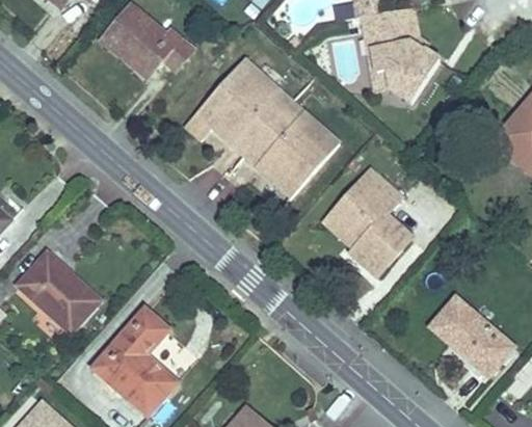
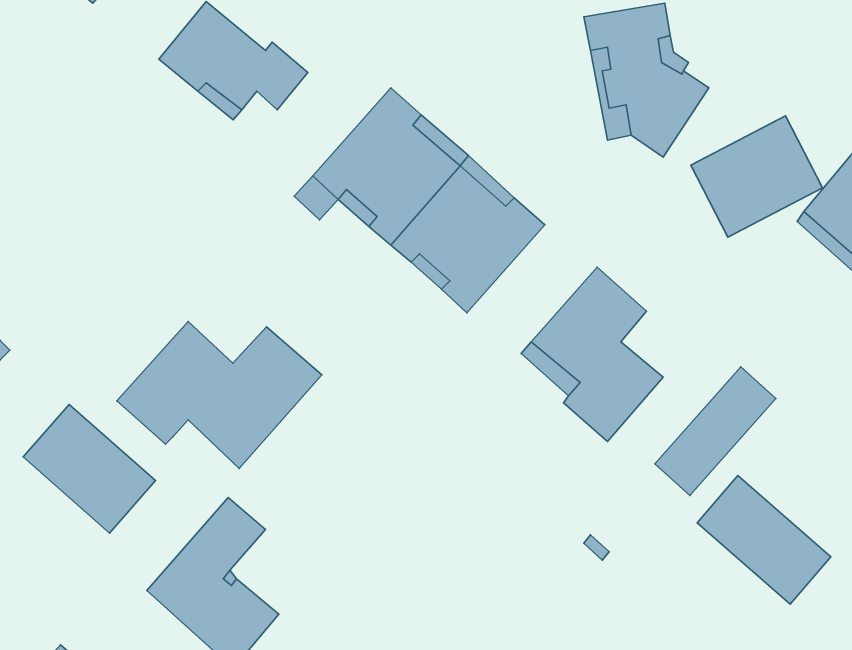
building: none -> [691,116,822,237]
building: none -> [117,321,322,468]
building: none -> [655,367,776,496]

